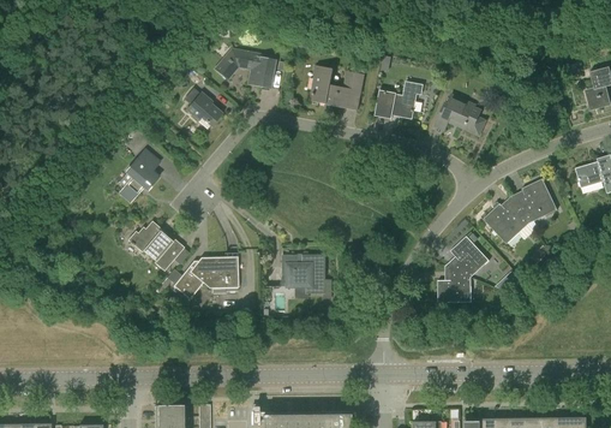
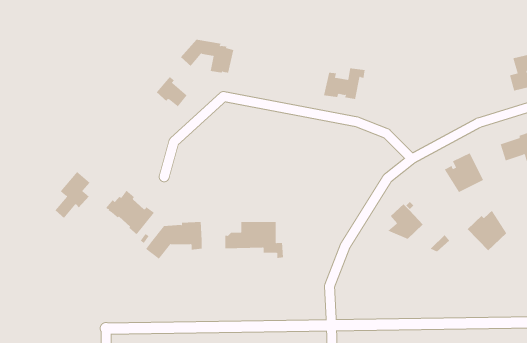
building: [309,65,364,109] -> none
building: [442,95,484,133] -> none
building: [119,148,160,202] -> [55,171,91,219]
building: [483,197,528,244] -> [467,210,507,251]
building: [437,267,471,302] -> none

